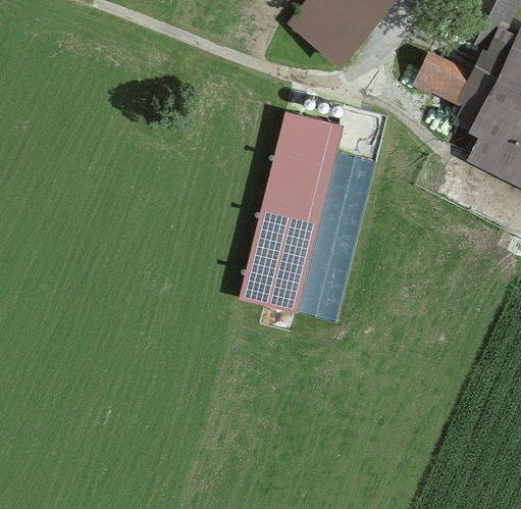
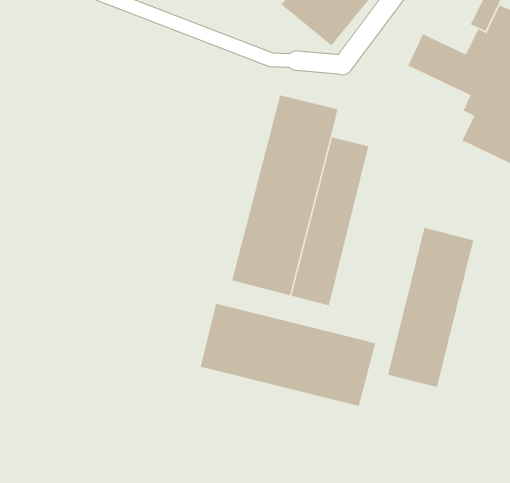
building: none -> [387,227,474,388]
building: none -> [200,303,376,407]

